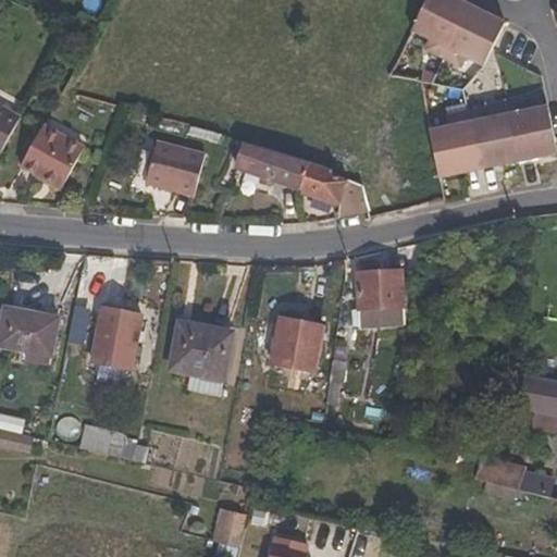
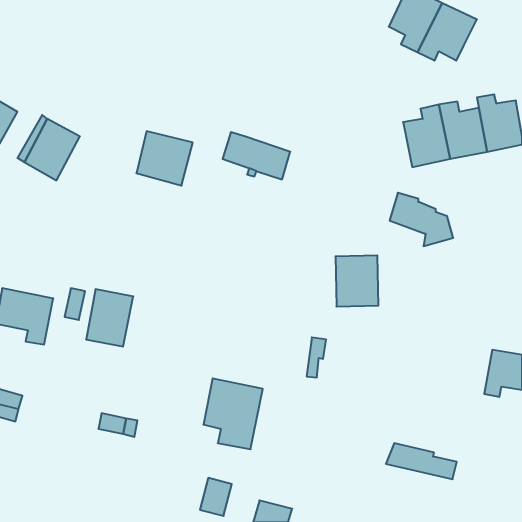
building: [299,161,367,218] -> [390,193,453,246]
building: [269,317,323,370] -> none
building: [169,320,232,395] -> [203,378,263,449]
building: [473,457,548,495] -> [386,443,457,479]

